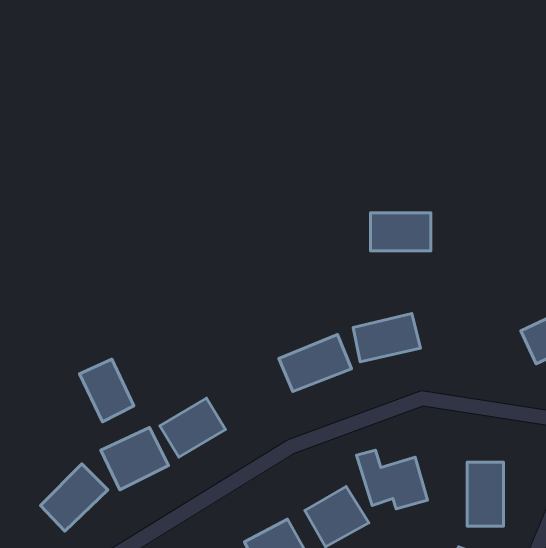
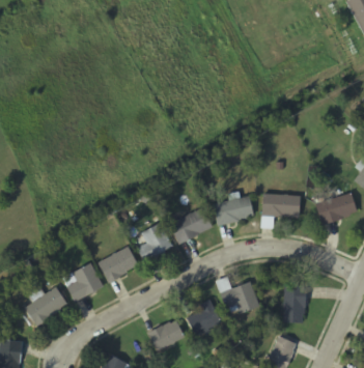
building: [371,213,431,251] -> [263,194,300,217]
building: [80,359,134,422] -> none
building: none -> [138,223,173,260]

